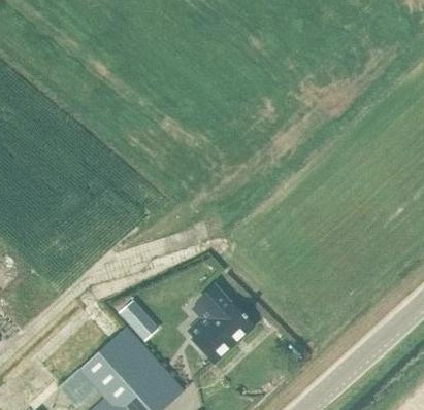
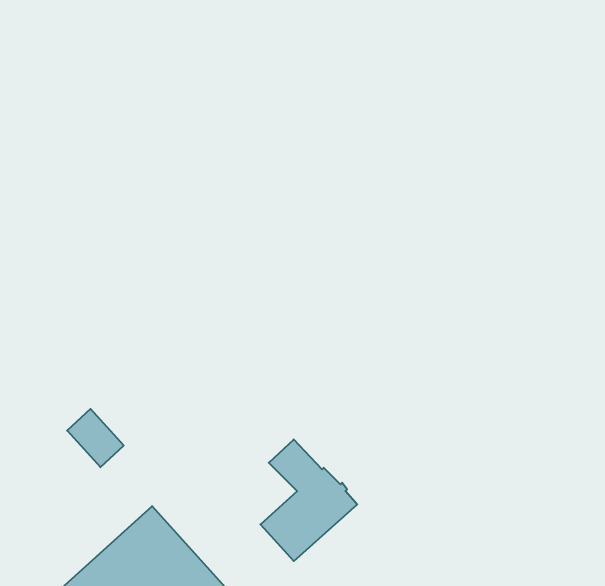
building: [118,300,153,336] -> [67,409,124,467]

